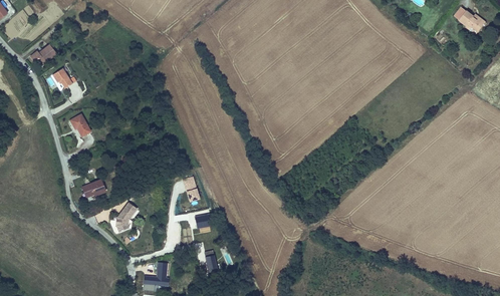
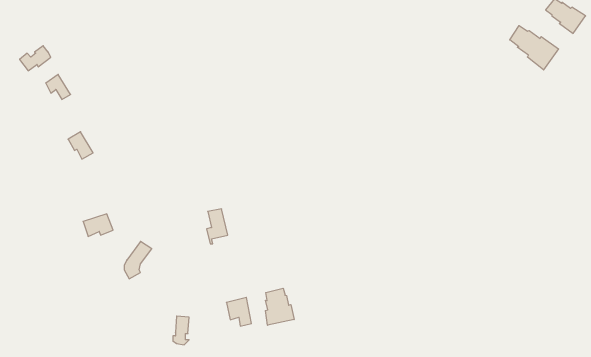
building: none -> [510,26,559,70]
building: none -> [266,288,294,325]

